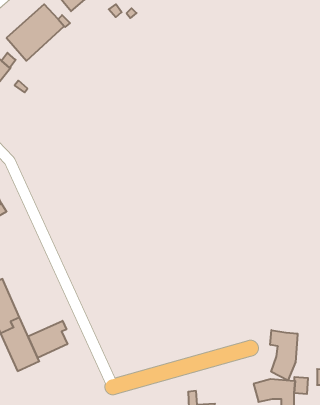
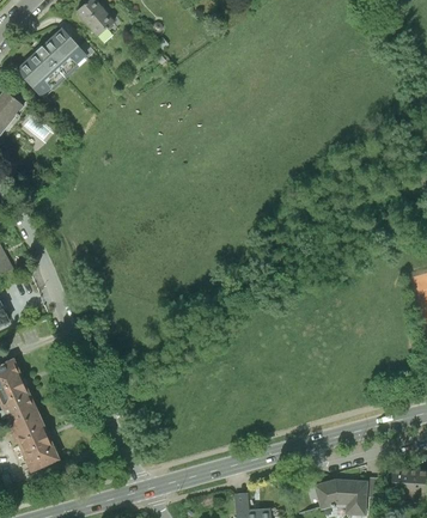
building: [28,321,67,358] -> none
building: [270,330,298,380] -> none

